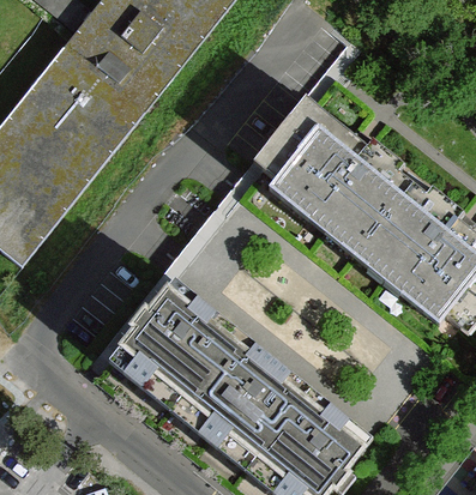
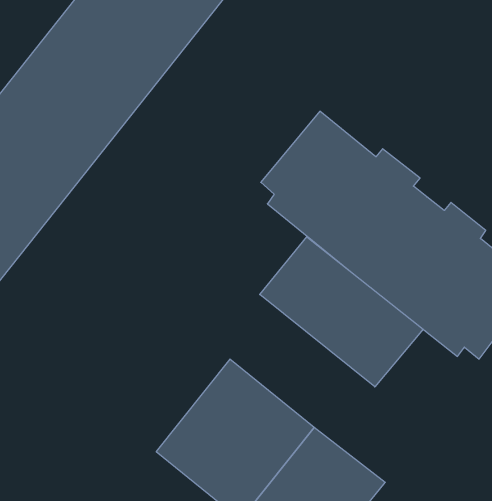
building: none -> [260,237,423,387]
building: [108,278,235,410] -> none

